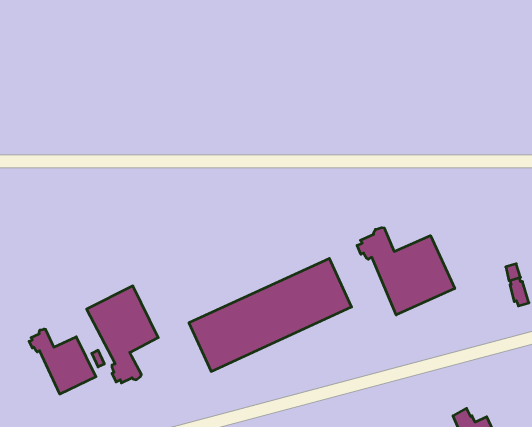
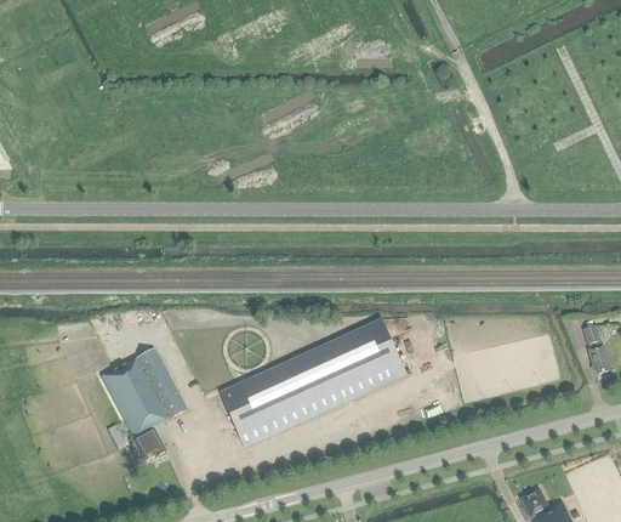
building: [357,228,455,315] -> none
building: [29,329,96,394] -> none

